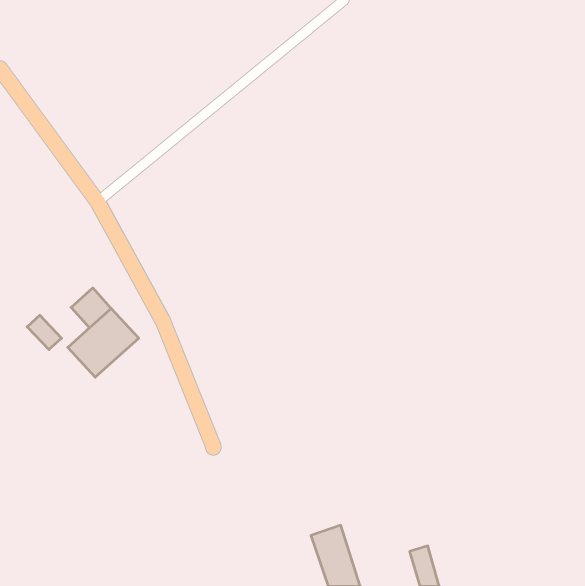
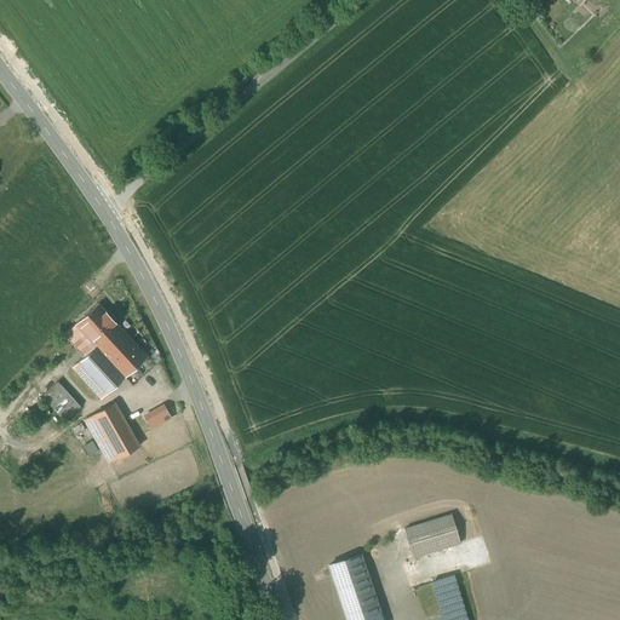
building: [27,315,62,350] -> [44,383,80,419]
building: none -> [85,403,139,464]
building: none -> [404,515,461,557]

